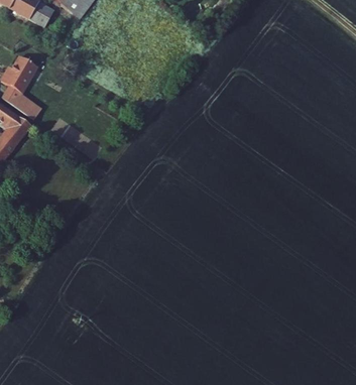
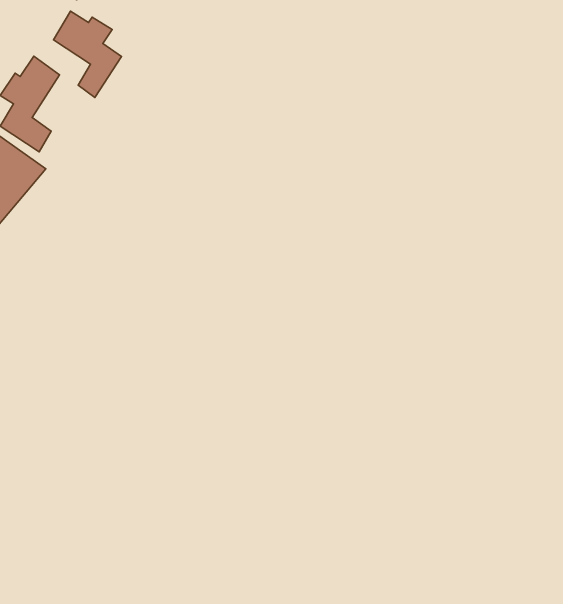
building: none -> [54,11,122,97]

